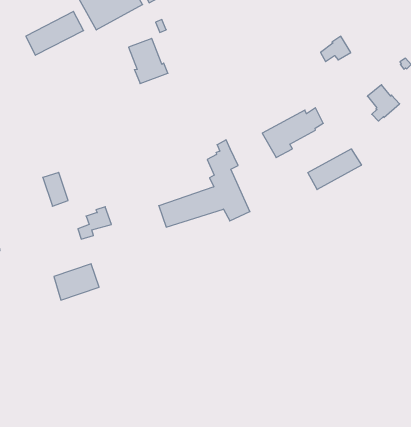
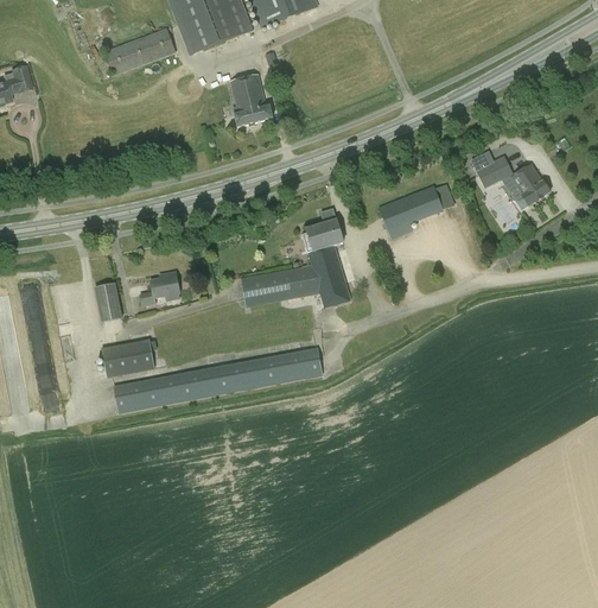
building: [321,36,351,62] -> [476,153,513,182]
building: [308,149,361,190] -> none
building: [43,172,68,206] -> [94,283,121,323]
building: none -> [112,347,322,413]

